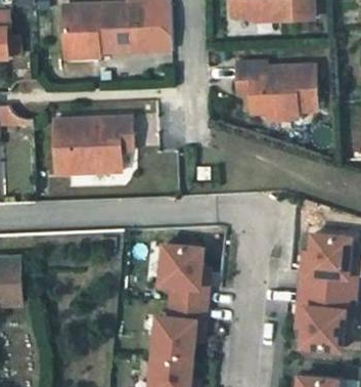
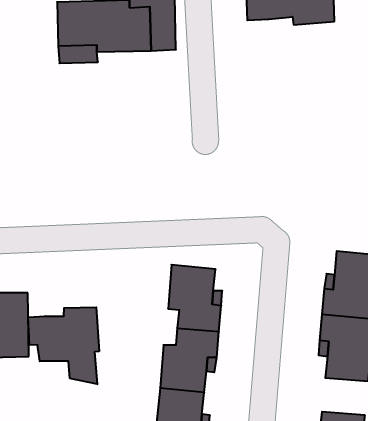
building: [236,58,314,110] -> none
building: [58,118,136,171] -> none
building: none -> [28,307,99,384]

